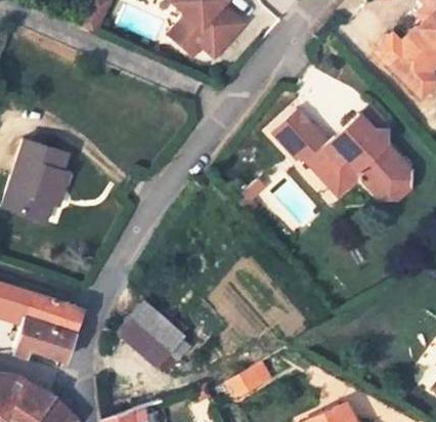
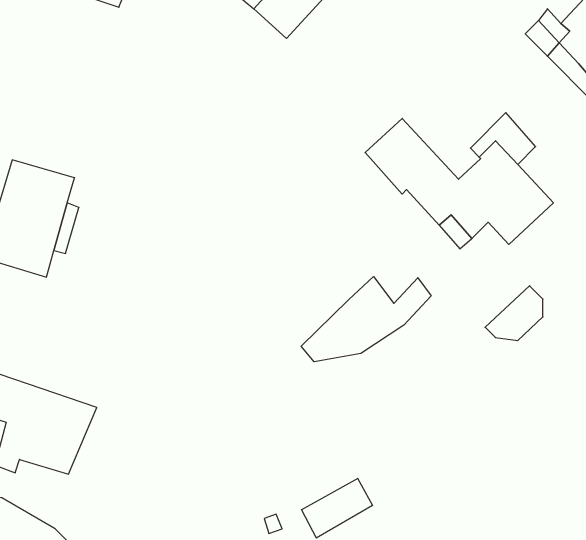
building: [367,170,407,208] -> [485,286,543,341]
building: none -> [301,277,431,362]
building: [121,299,190,372] -> none

